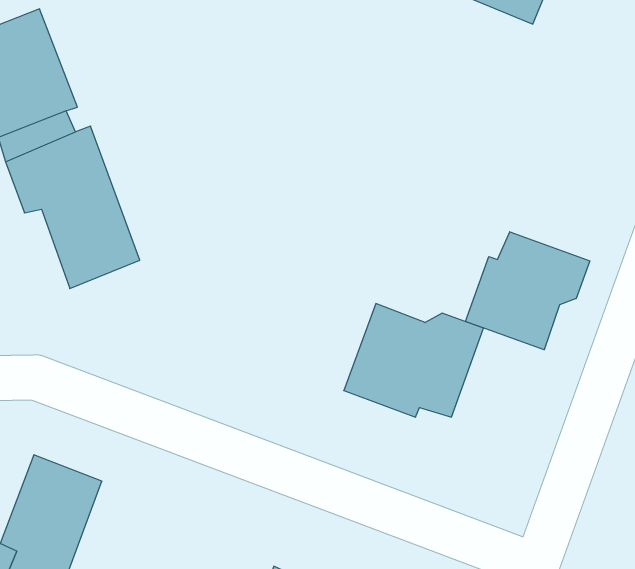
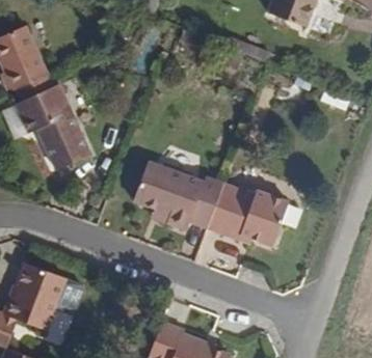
building: [466,232,590,350] -> none
building: none -> [128,158,219,232]

